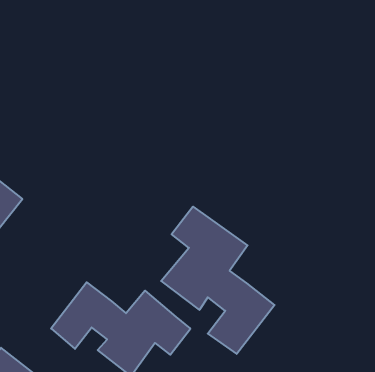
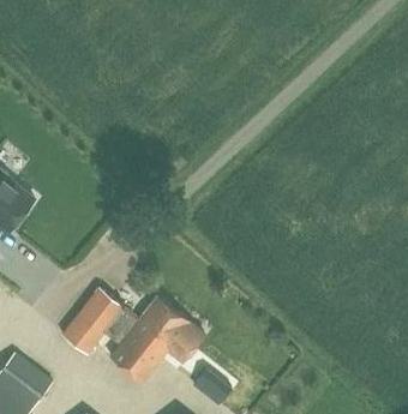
building: [161,207,275,354] -> none

